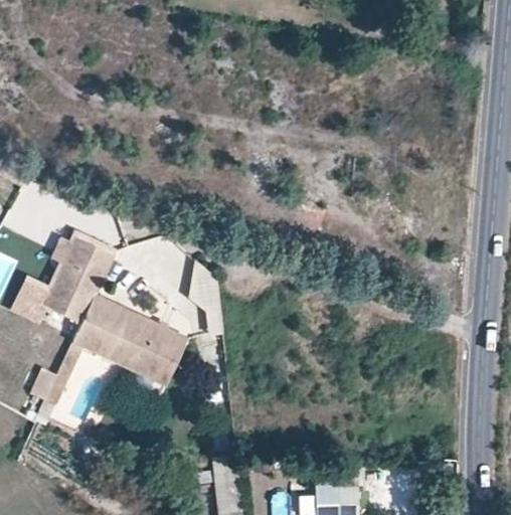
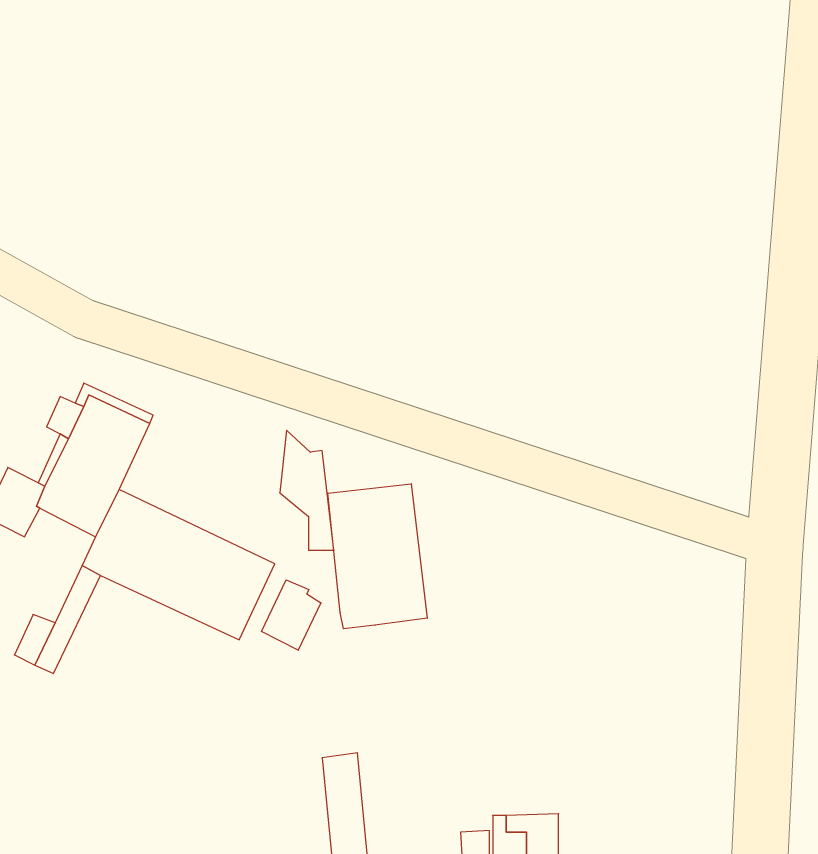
building: none -> [328,484,427,629]
building: none -> [262,580,321,650]

